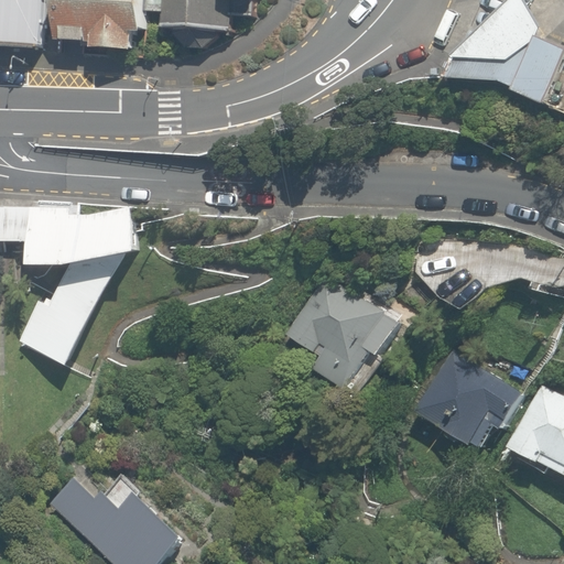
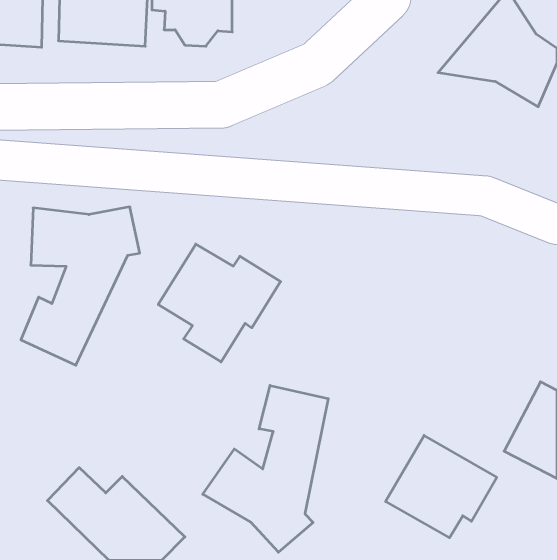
building: [280,275,402,393] -> [158,244,281,362]
building: [411,348,522,451] -> [386,435,497,538]
building: none -> [203,385,328,552]

